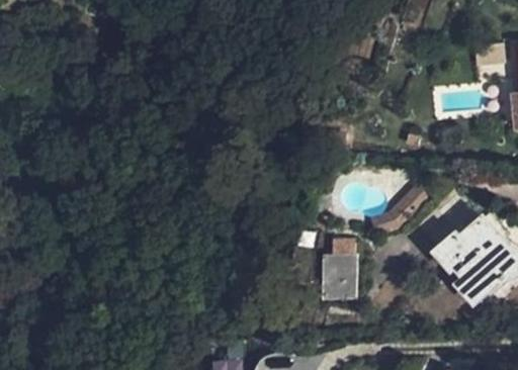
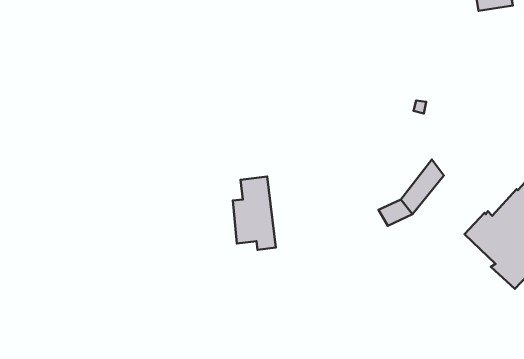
building: [324,241,355,299] -> [233,176,276,250]

